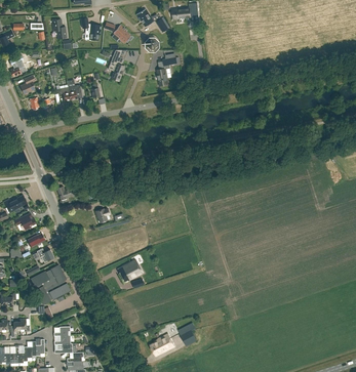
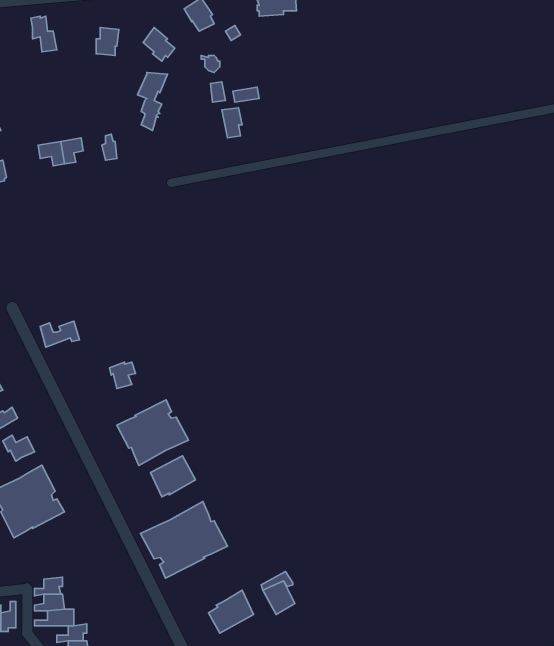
building: none -> [117,400,188,465]
building: none -> [141,502,228,578]

